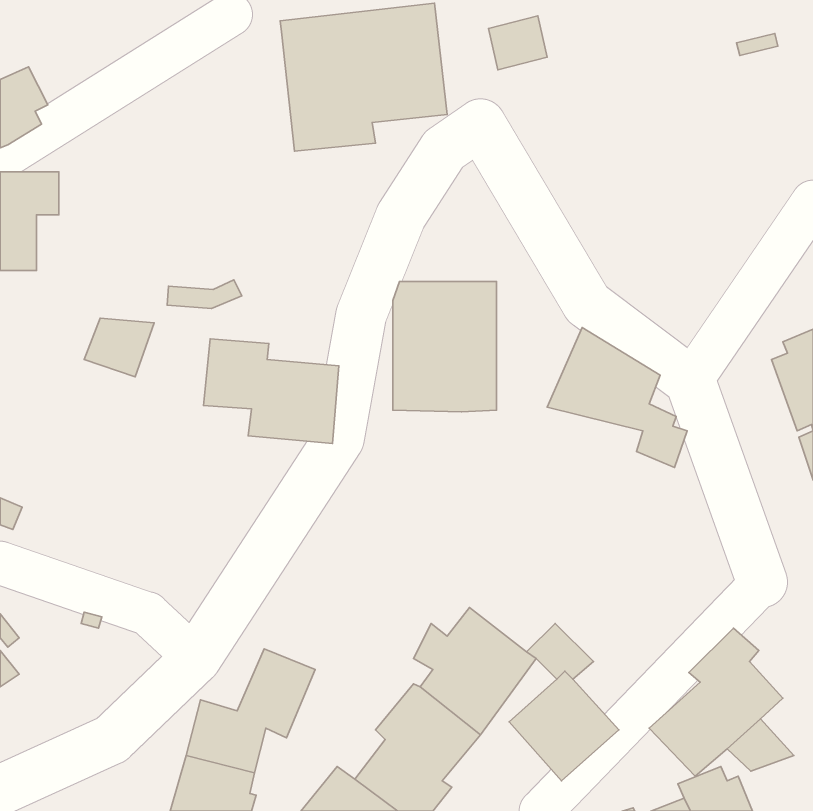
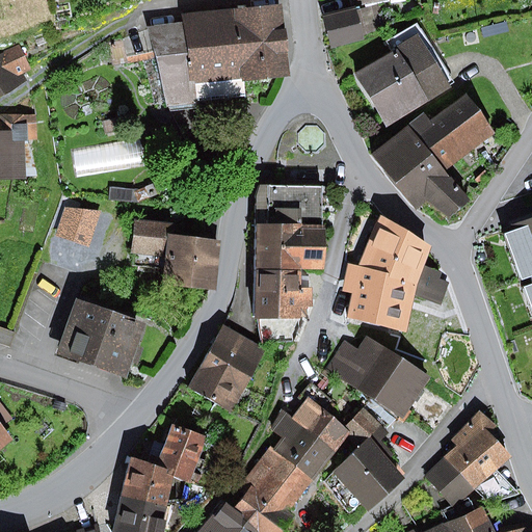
building: none -> [147,21,192,105]
building: none -> [356,22,455,126]
building: none -> [370,95,497,221]
building: none -> [343,263,420,331]
building: none -> [256,268,312,317]
building: none -> [58,300,145,377]
building: none -> [188,320,266,406]
building: none -> [326,332,428,418]

